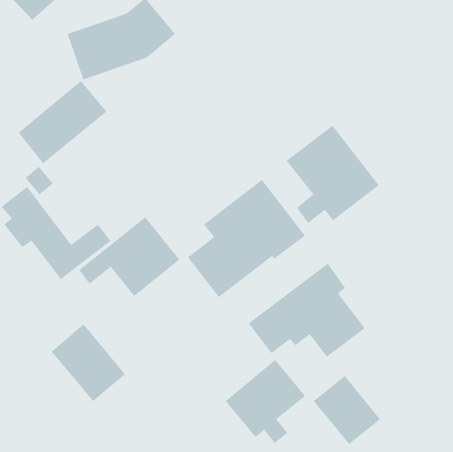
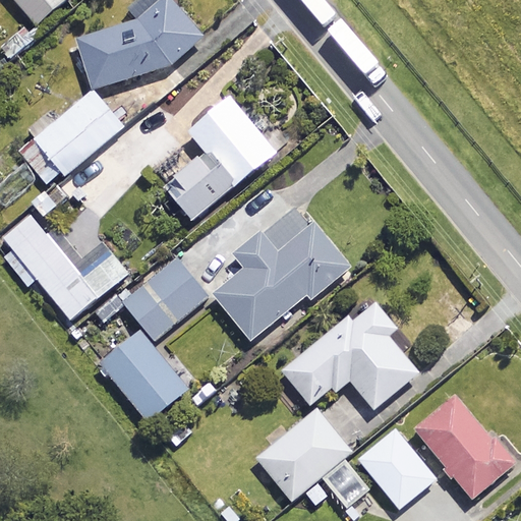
building: none -> [164,89,286,220]
building: [286,125,380,224] -> none
building: [51,323,126,402] -> [101,331,186,420]
building: none -> [415,396,512,498]

